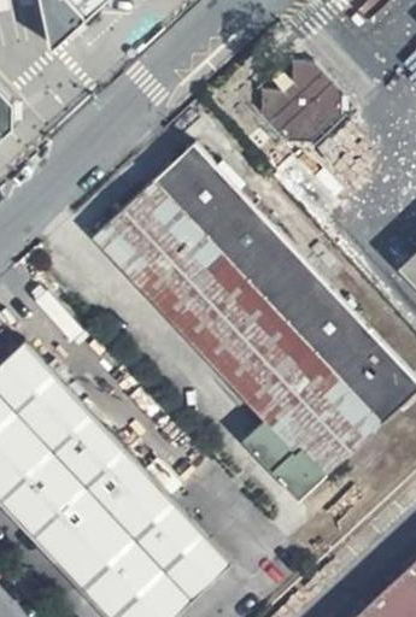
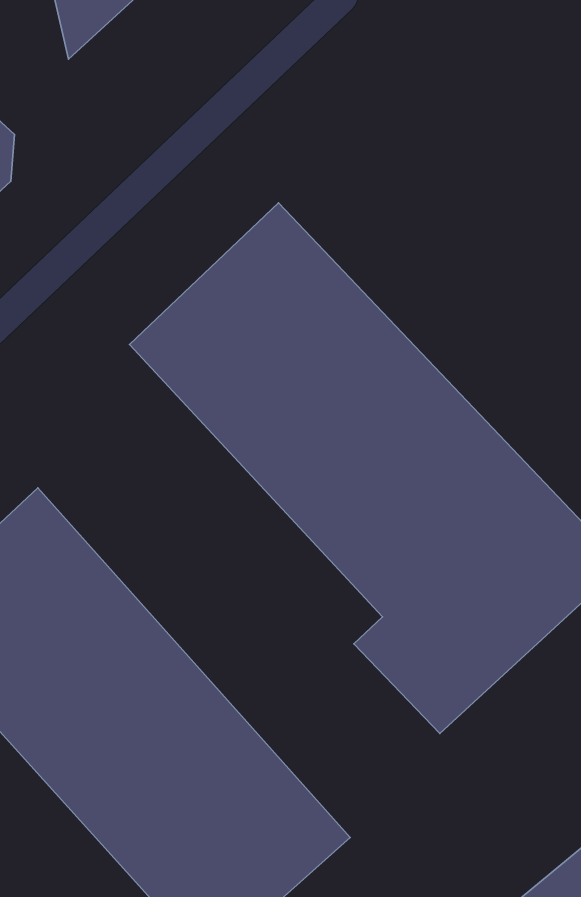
building: [257,63,339,146] -> none

